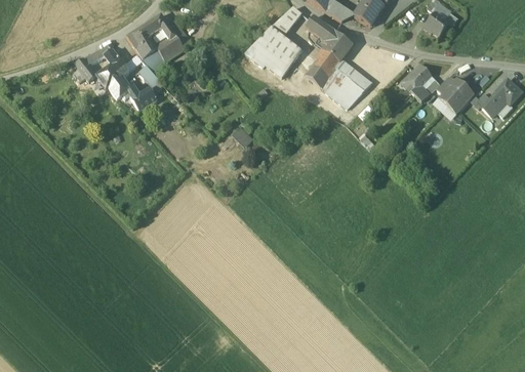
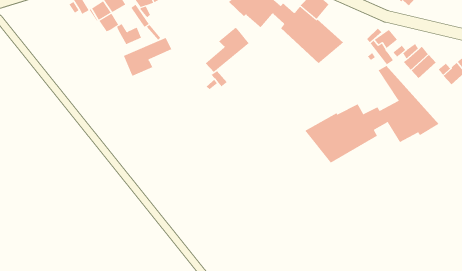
building: none -> [205,27,249,73]
building: none -> [123,37,172,76]
building: none -> [304,65,439,163]

